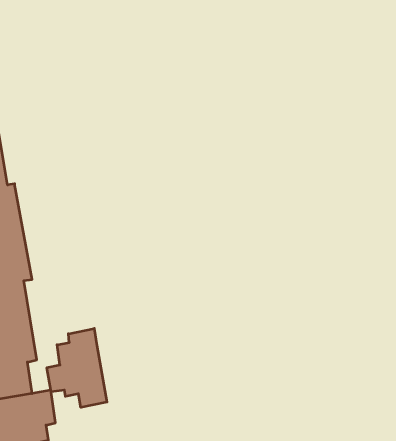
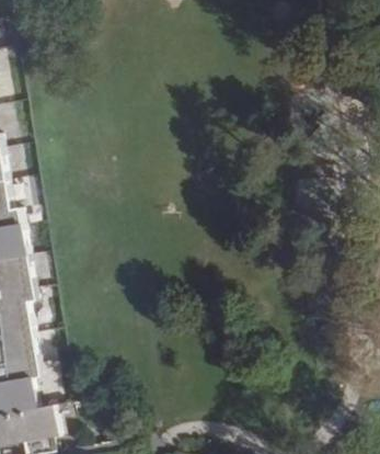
building: [47,328,107,407] -> none

